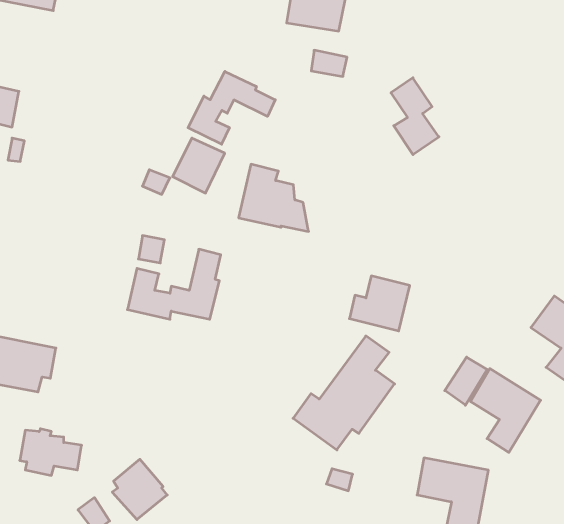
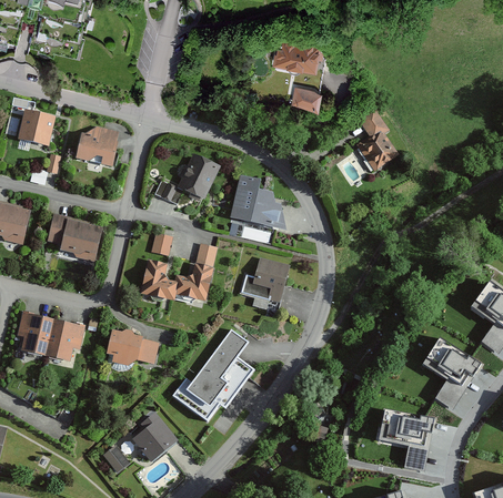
building: [188,71,275,144] -> none
building: none -> [77,126,120,166]
building: none -> [48,213,104,262]
building: [349,276,410,331] -> [242,258,291,303]
building: [293,336,395,450] -> [170,329,252,421]
building: [445,357,487,405] -> none
building: [20,429,82,475] -> [110,329,160,367]

